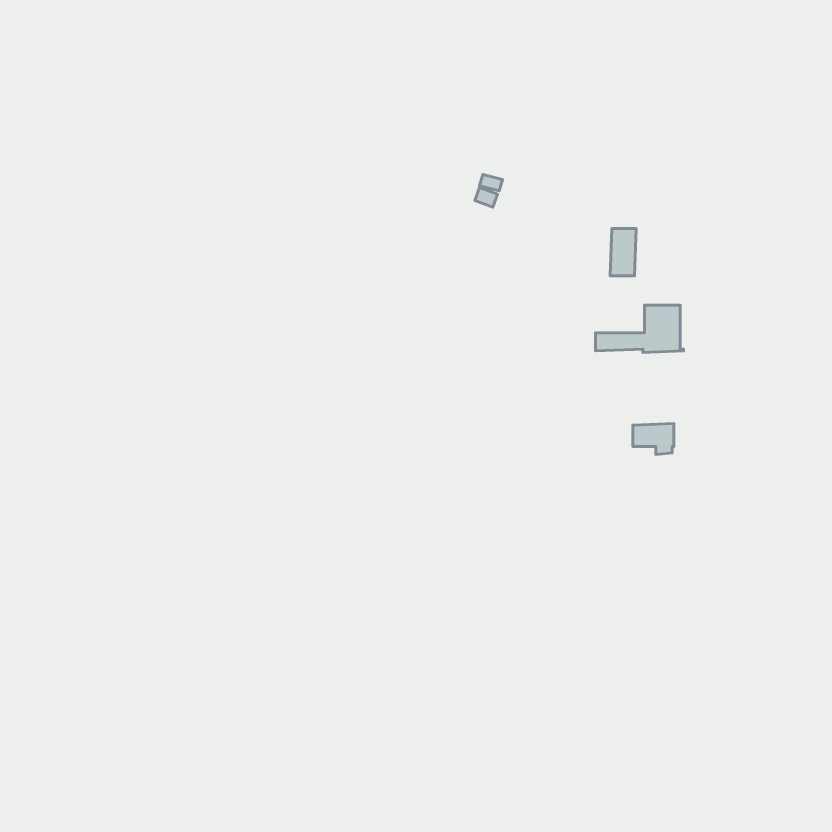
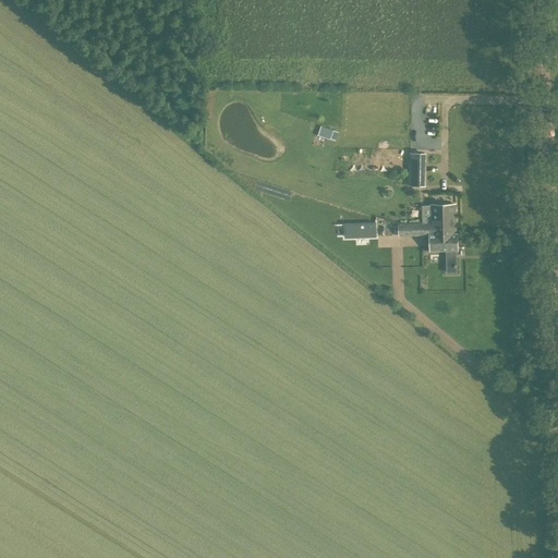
building: none -> [343,222,376,239]
building: [633,424,674,455] -> [429,234,457,255]

